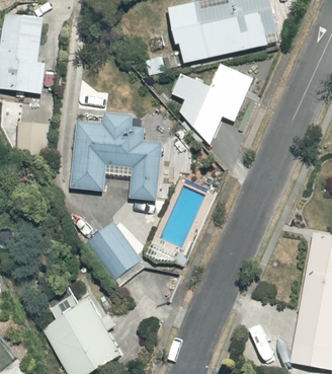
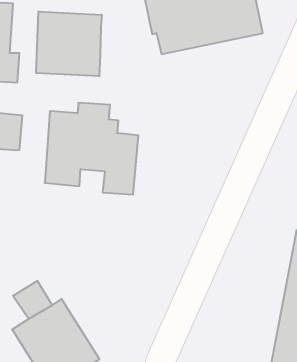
building: none -> [36,11,102,76]
building: [171,62,254,144] -> none
building: [83,225,139,283] -> none

